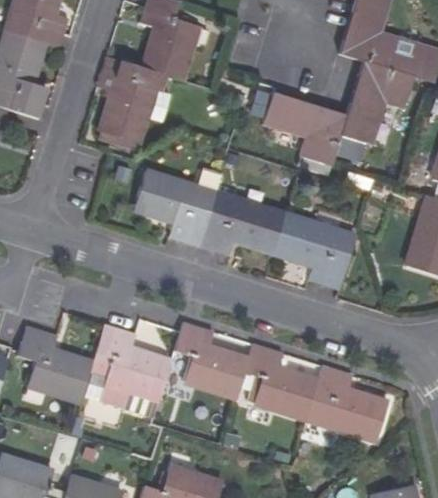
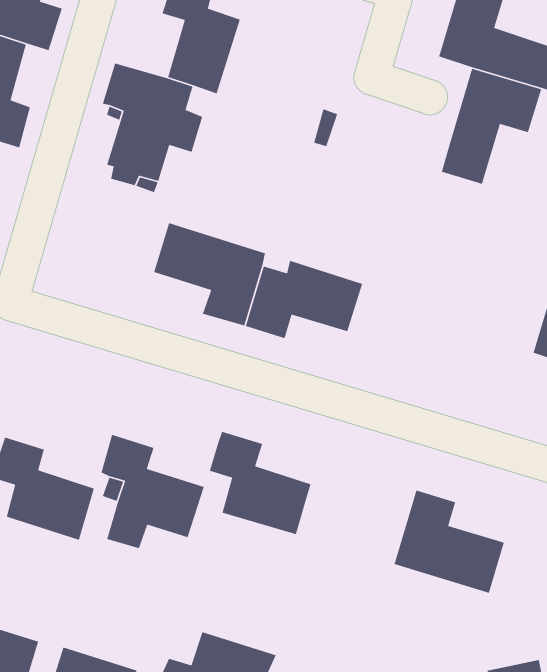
building: [263,91,347,165] -> none
building: [274,215,356,289] -> none
building: [244,342,318,417] -> none

